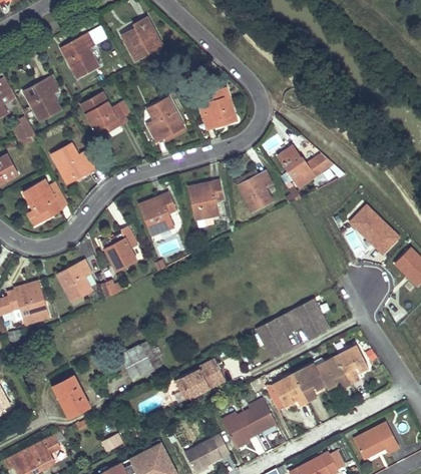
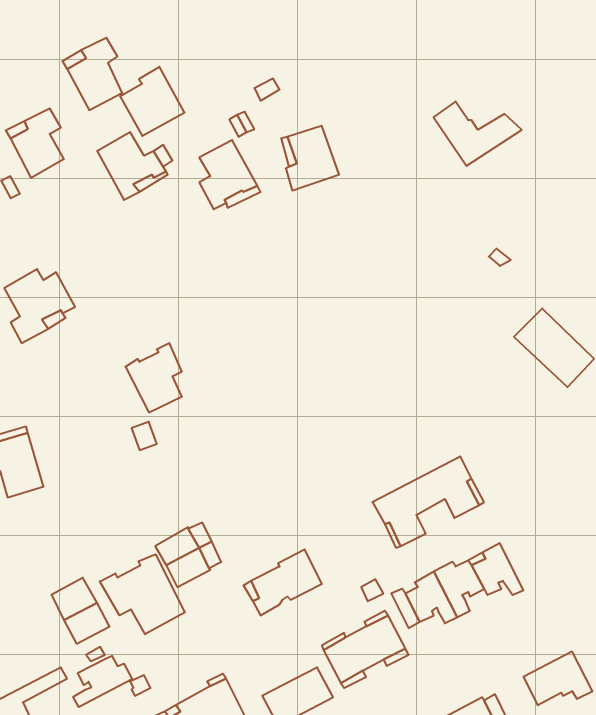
building: [121,16,162,60] -> [120,67,185,136]
building: [51,143,94,182] -> none
building: [277,145,333,186] -> [434,101,522,166]
building: [237,170,272,211] -> none
building: [187,180,223,226] -> none
building: [138,192,174,235] -> none
building: [56,260,91,302] -> none
building: [338,347,371,384] -> none
building: none -> [100,554,185,634]
building: none -> [73,656,132,707]

